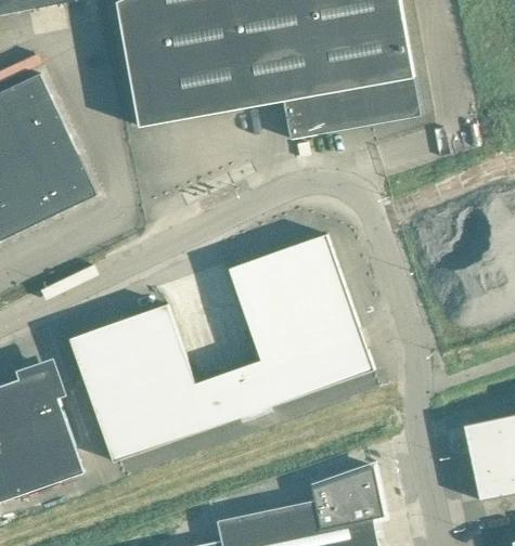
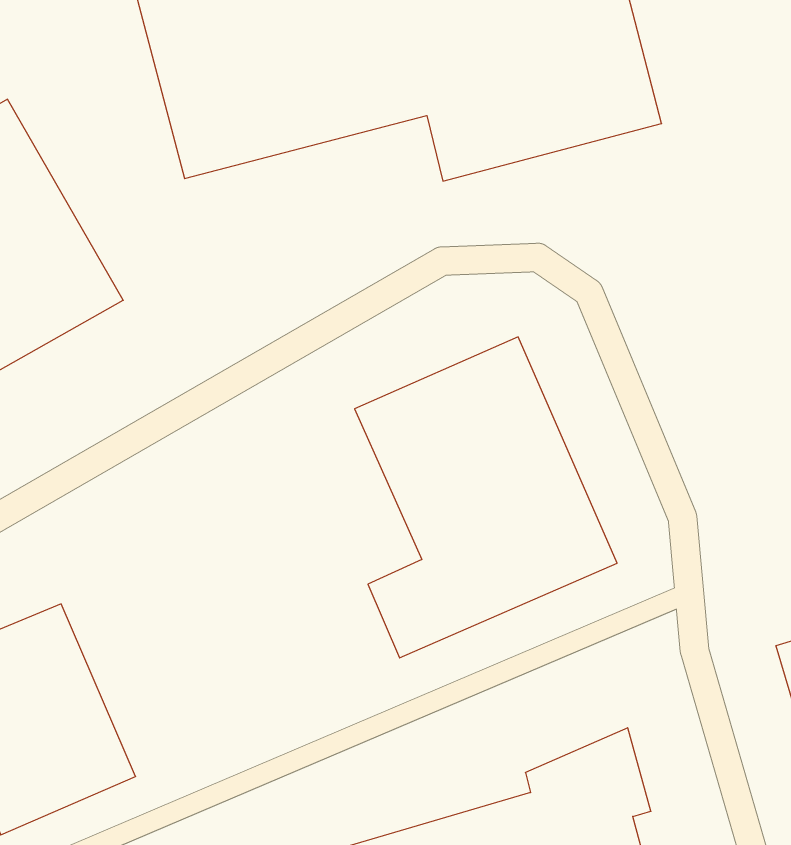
building: [68,303,243,463] -> none

